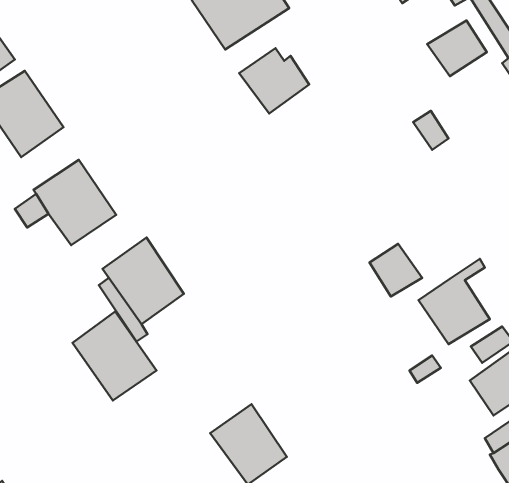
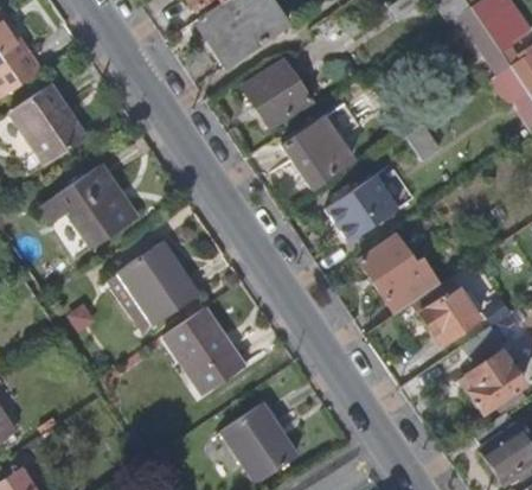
building: [427,21,487,76] -> none
building: none -> [289,121,351,186]
building: none -> [326,167,406,243]
building: none -> [365,231,447,311]
building: [73,312,157,401] -> [164,307,243,392]

